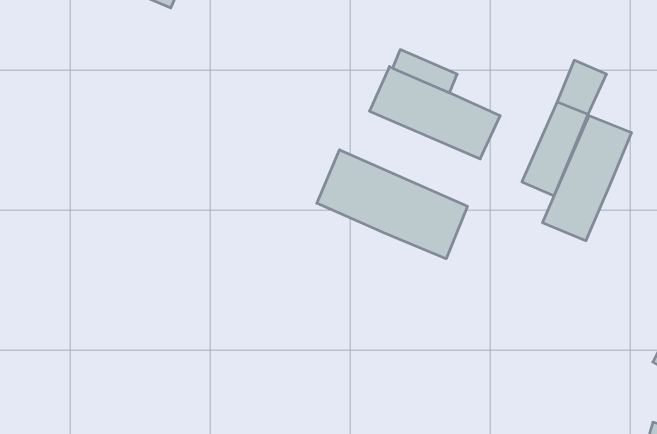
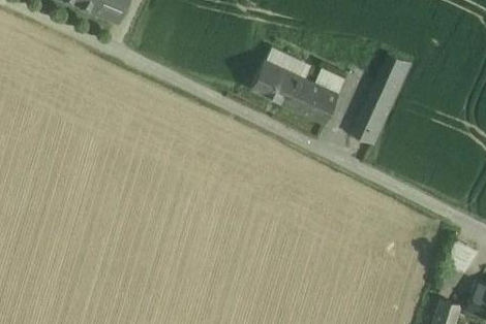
building: [543,115,631,241] -> none
building: [317,150,467,259] -> none

